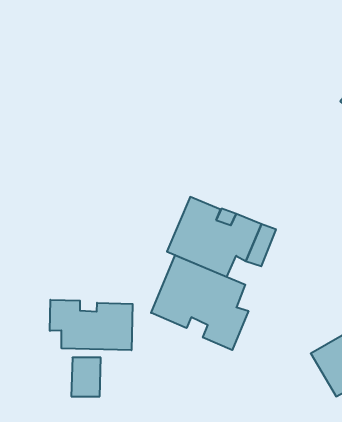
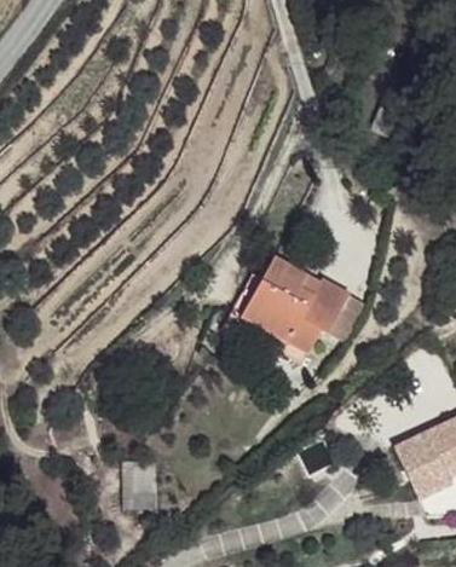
building: [151,255,248,350] -> none
building: [50,300,133,350] -> none

